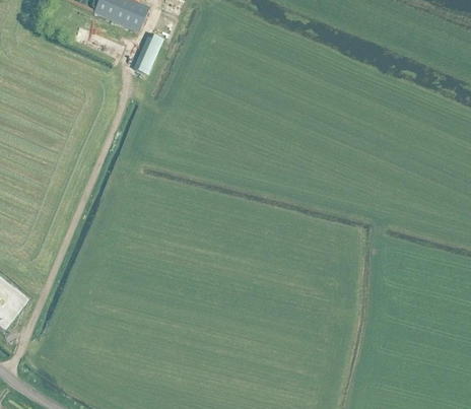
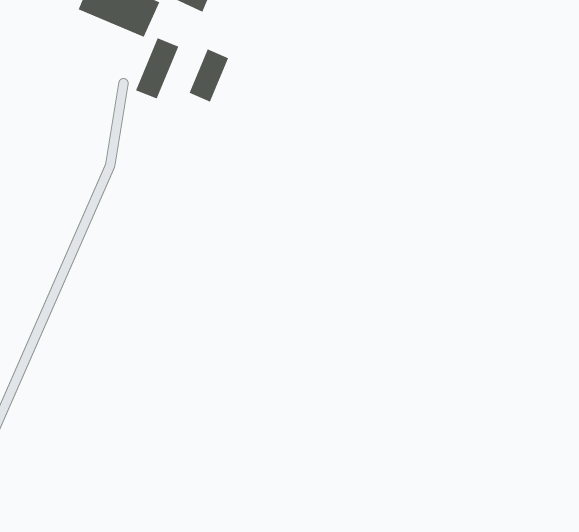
building: none -> [189,49,229,102]

